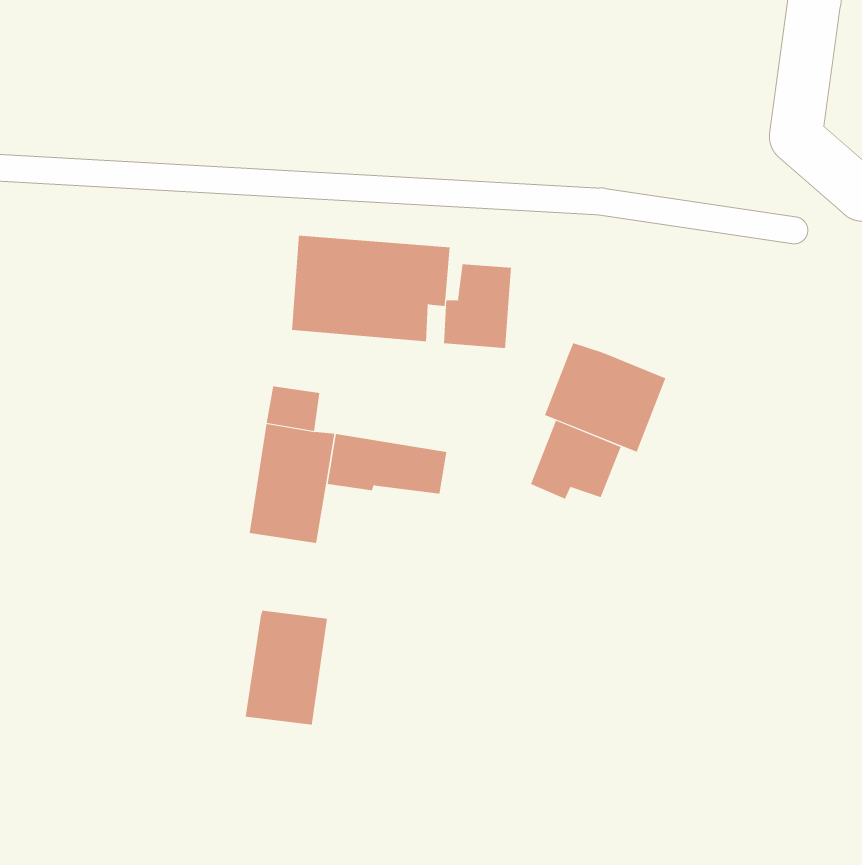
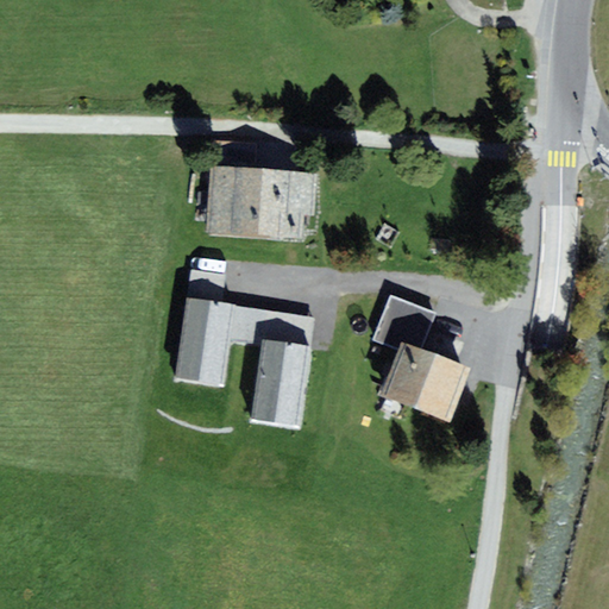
building: [443,263,511,349] -> none
building: [544,342,666,453] -> [381,343,466,420]
building: [245,610,328,725] -> [251,341,309,422]

